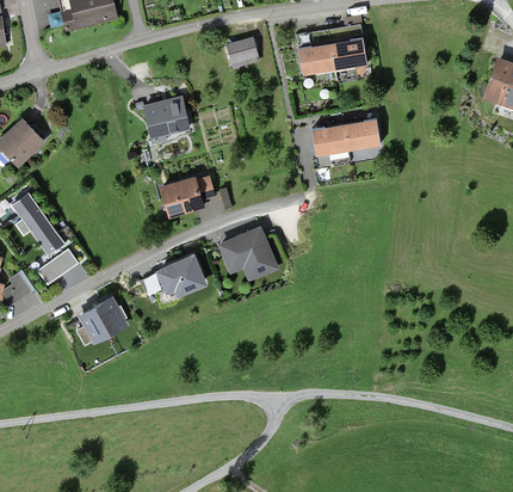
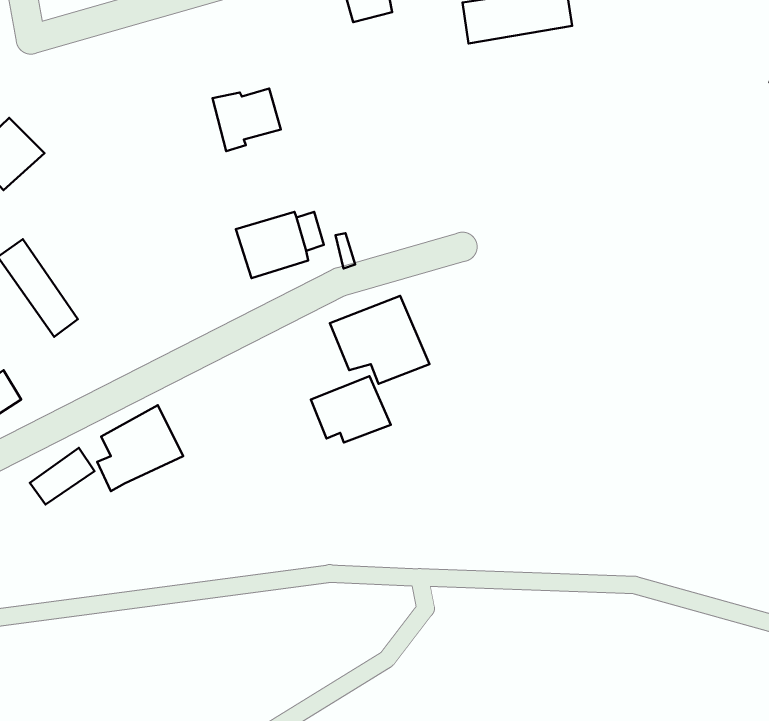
building: [310,119,379,156] -> none
building: [39,248,79,283] -> [30,448,94,504]
building: [157,252,206,293] -> [311,376,391,443]

